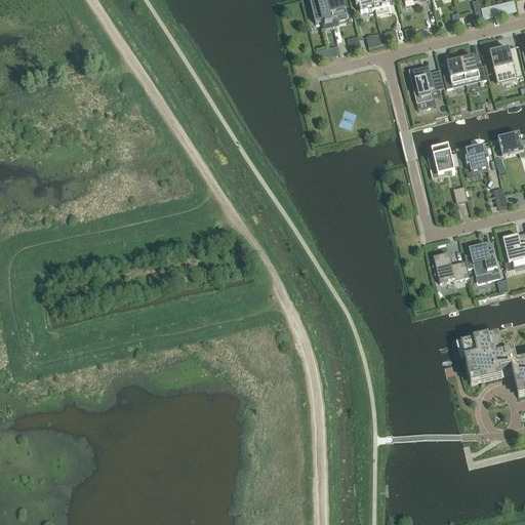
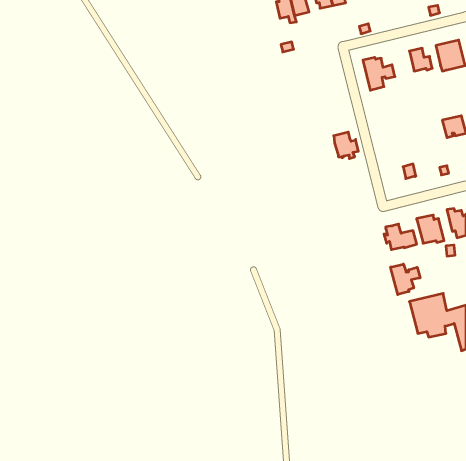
building: [443,57,466,87] -> none
building: [432,143,459,172] -> [334,132,358,159]
building: [466,143,489,169] -> none
building: none -> [391,264,420,295]

